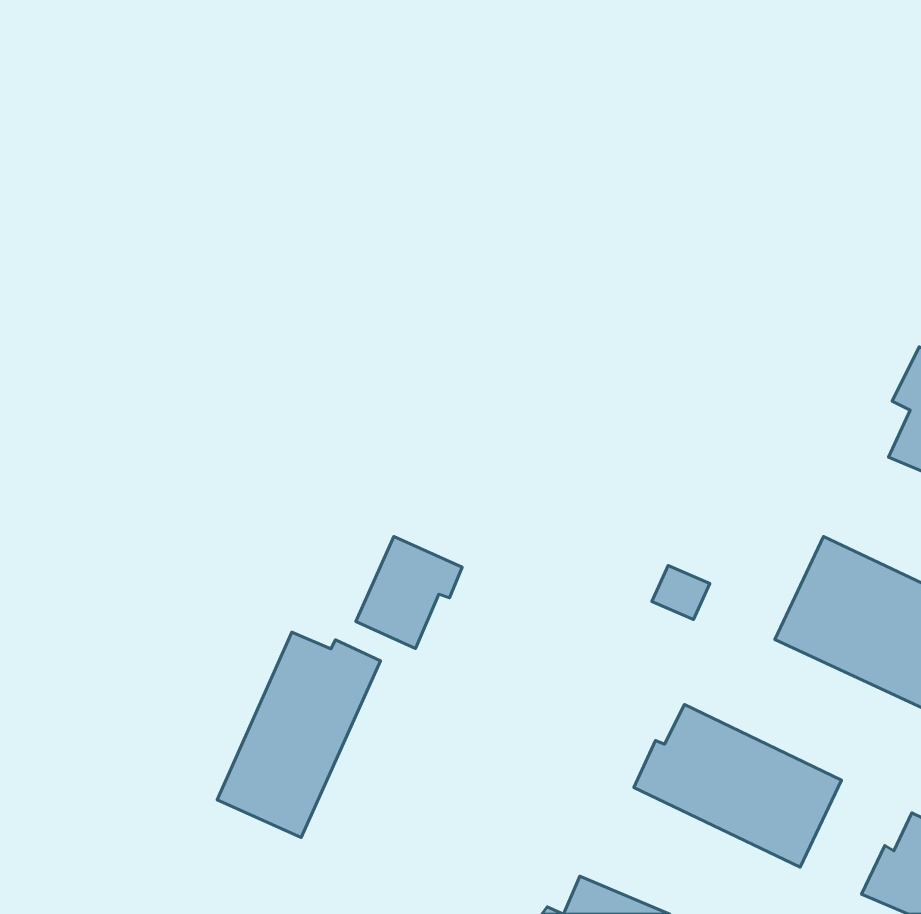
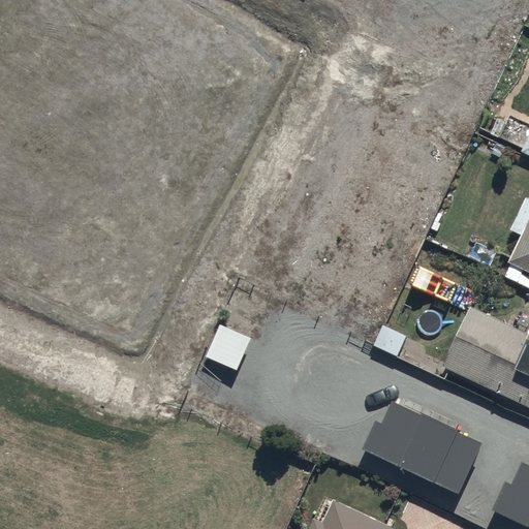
building: [217,632,380,838] -> none

